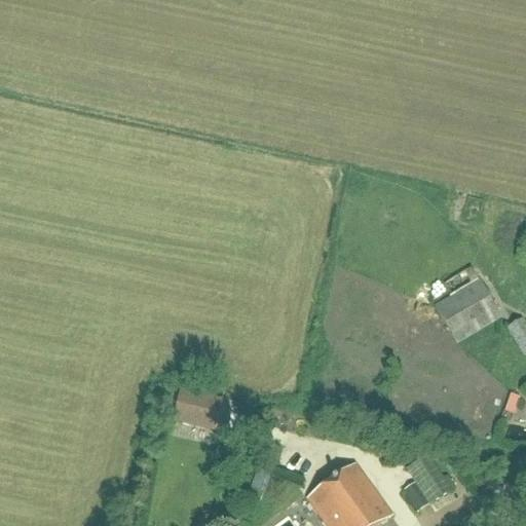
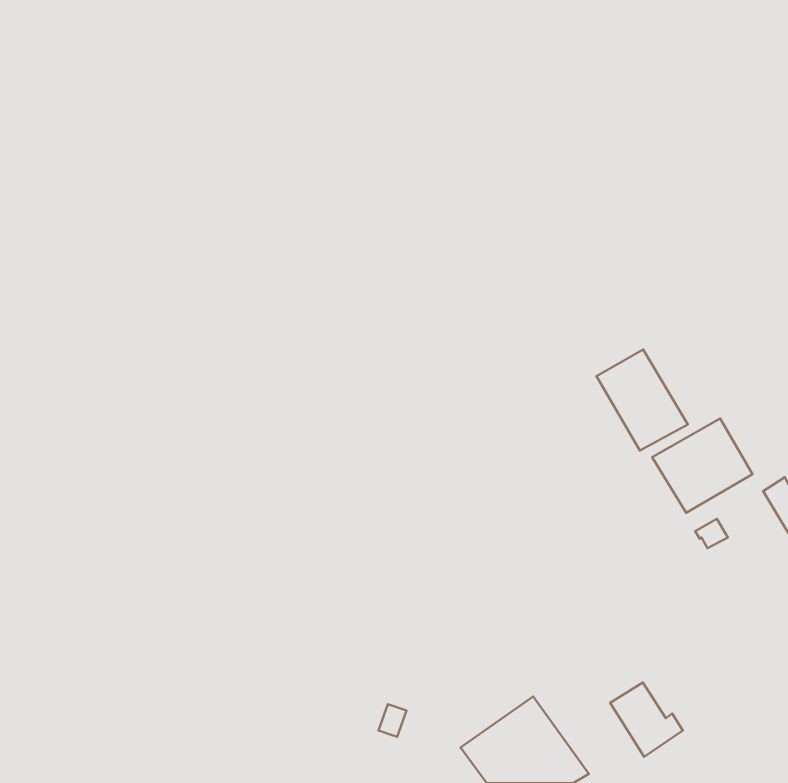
building: none -> [597,349,688,450]
building: [173,388,223,429] -> none

